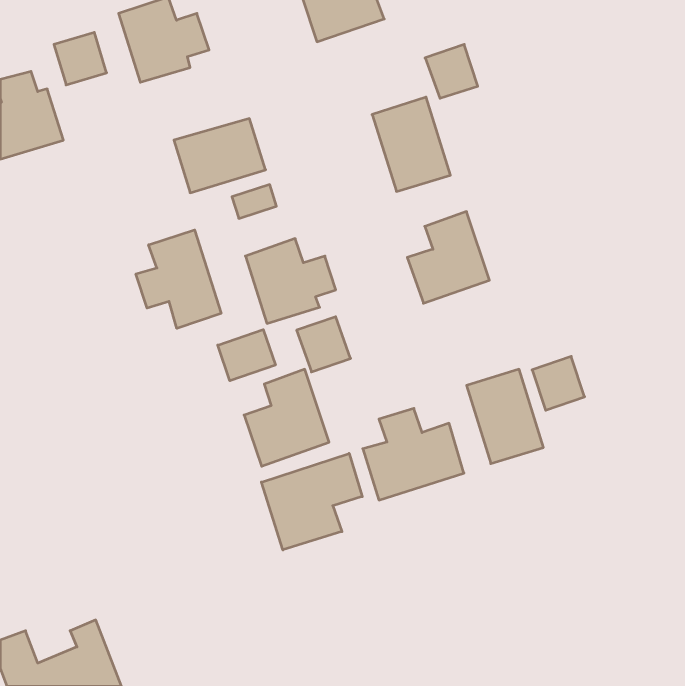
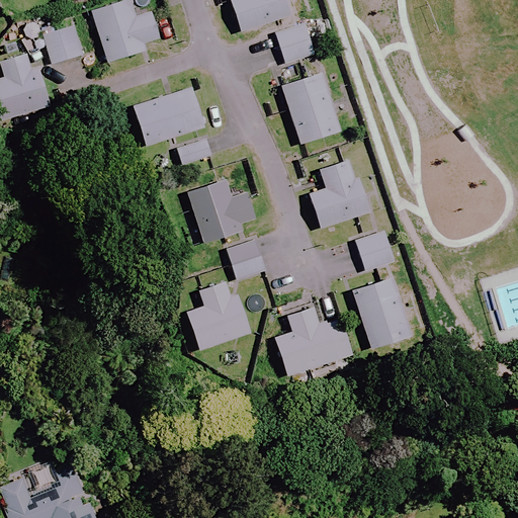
building: [425,44,478,98] -> [275,22,315,63]
building: [136,230,221,328] -> none
building: [218,330,275,381] -> none
building: [532,356,585,410] -> [355,231,395,271]
building: [261,453,362,550] -> none

